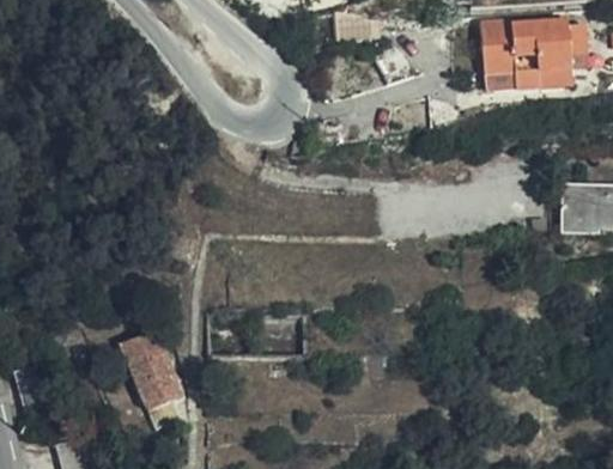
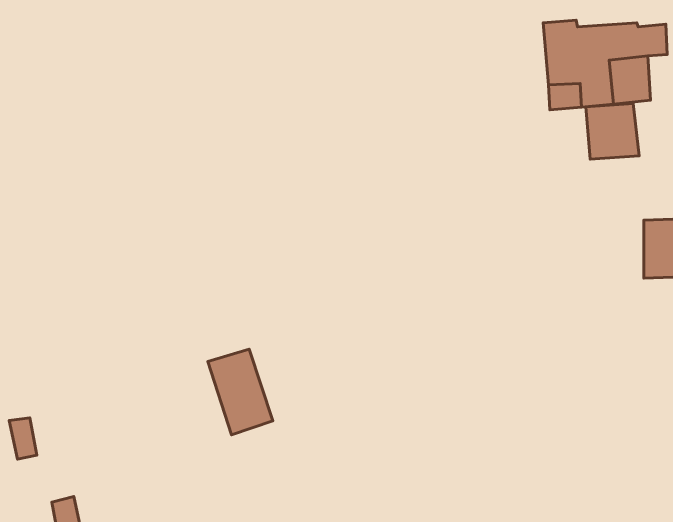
building: none -> [586,104,639,159]
building: [122,336,178,410] -> [208,349,273,435]

